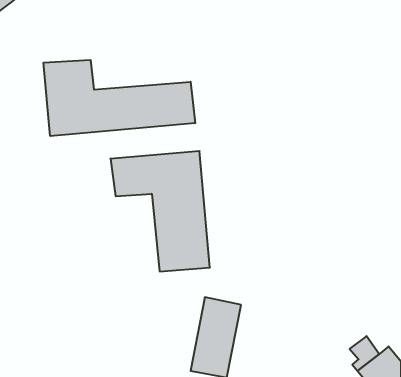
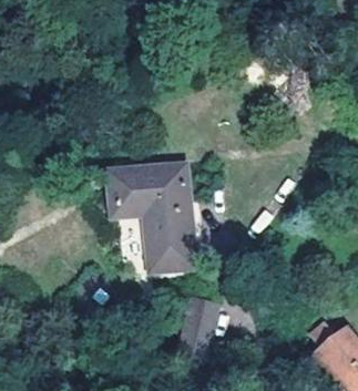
building: [44,60,195,136] -> none

